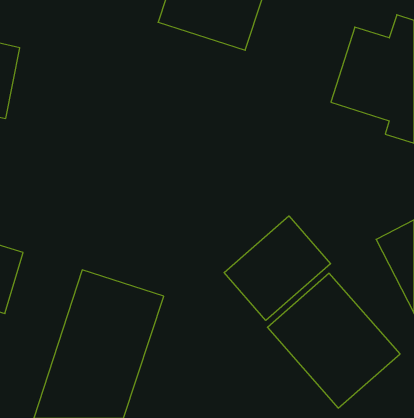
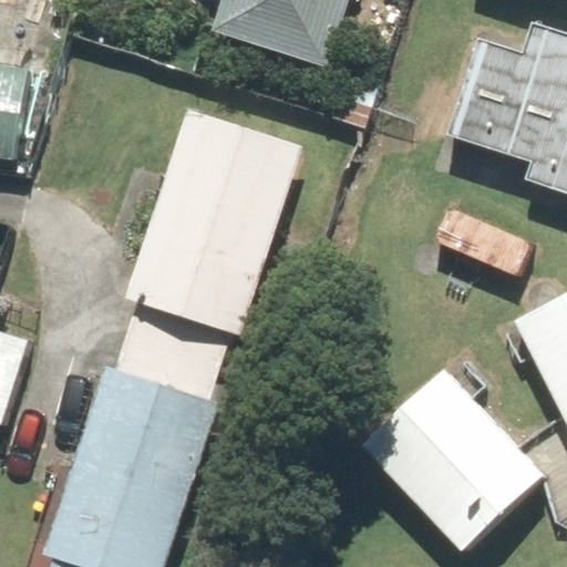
building: none -> [132,101,309,337]
building: [224,216,331,320] -> none

